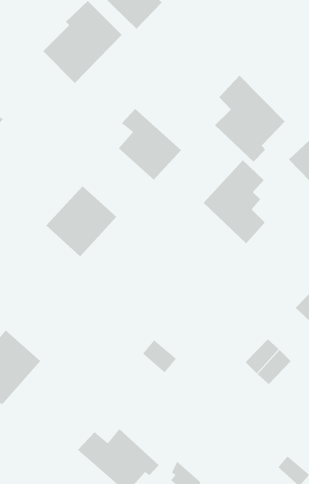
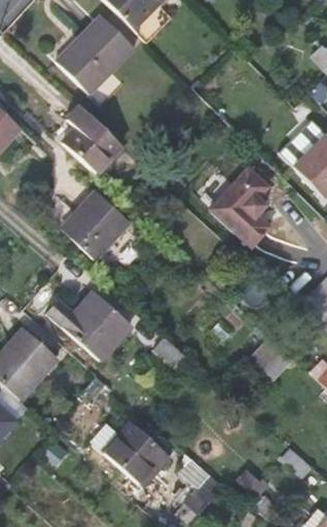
building: [214,75,286,162] -> none
building: [118,108,182,181] -> [63,105,123,174]
building: none -> [49,295,132,360]

